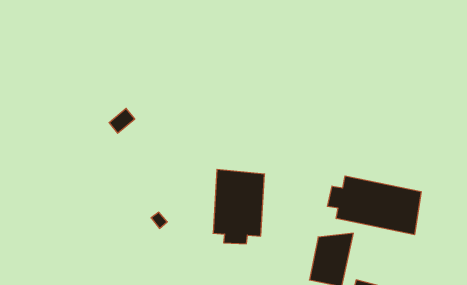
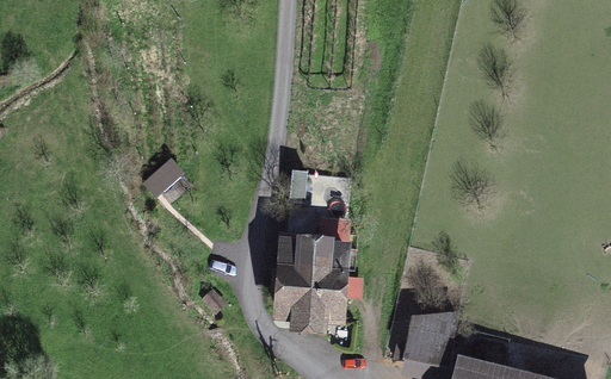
building: [327,176,421,235] -> none

